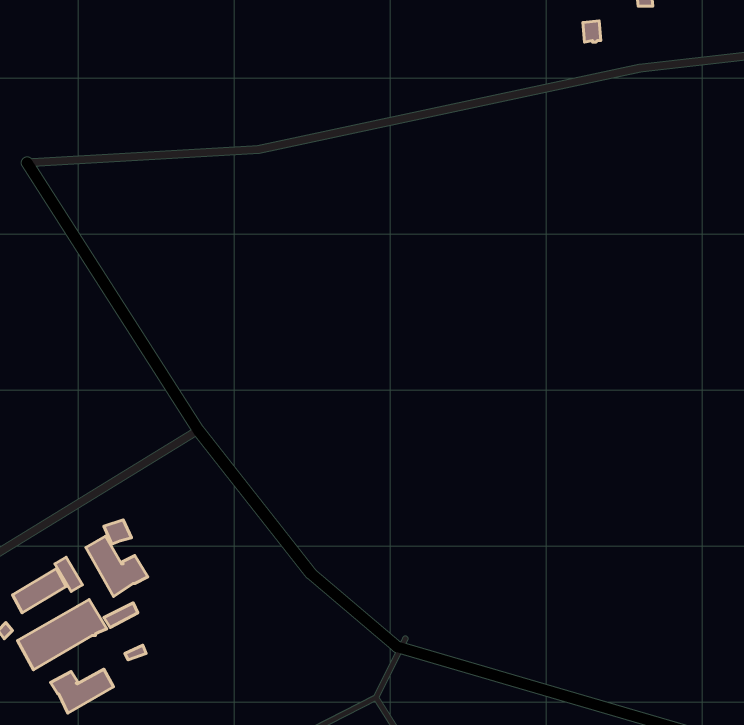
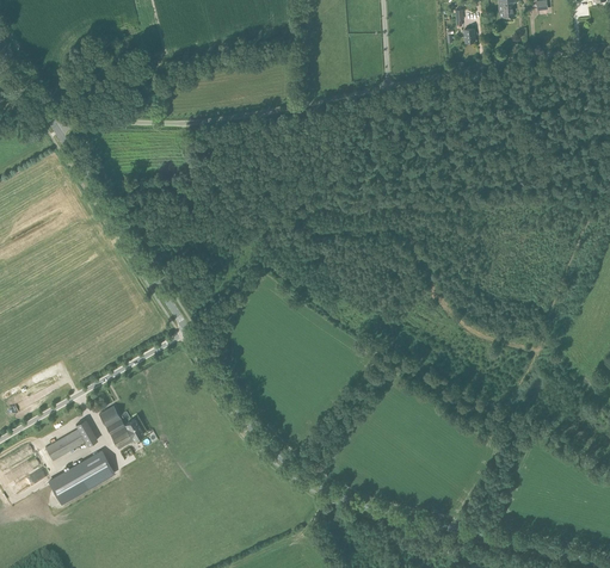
building: [50,669,113,713] -> none

